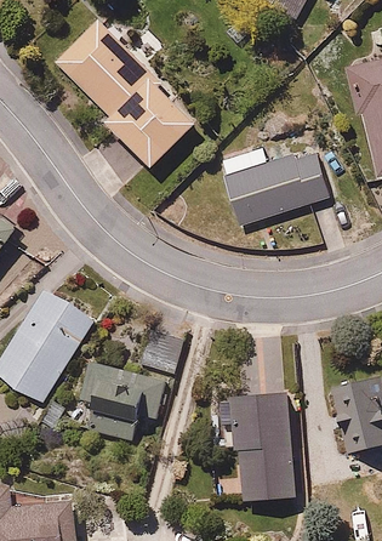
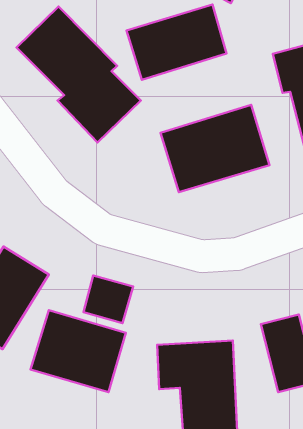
building: none -> [126,5,227,80]

